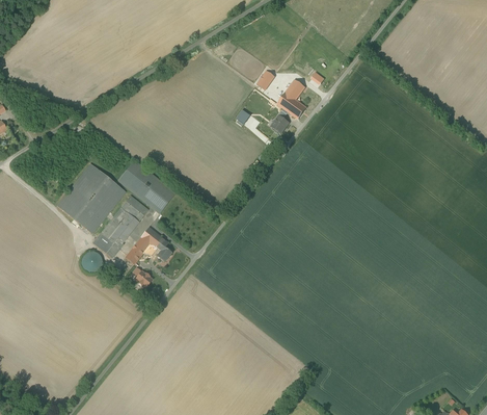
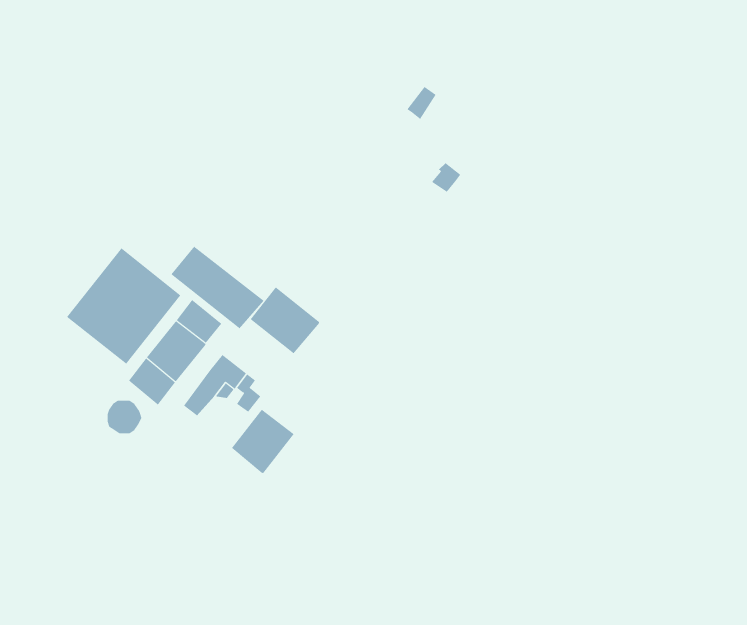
building: [277,79,306,119] -> none
building: none -> [250,286,320,354]
building: none -> [231,409,294,474]

